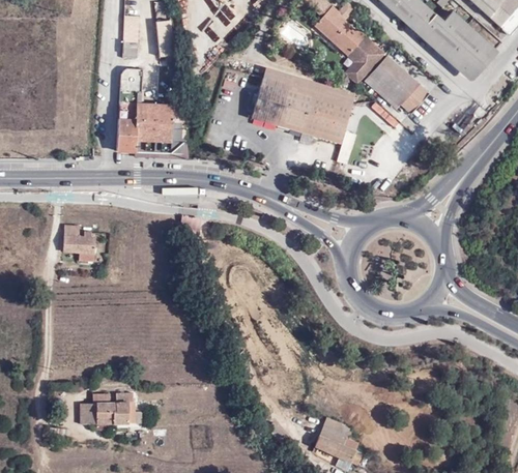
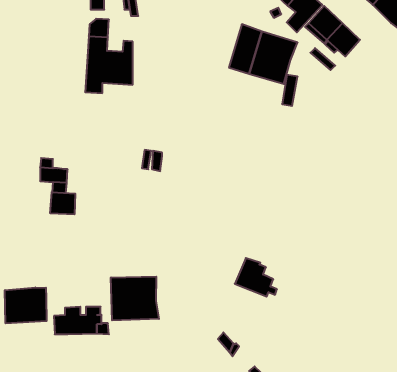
building: [252,67,292,123] -> none
building: none -> [50,192,75,214]
building: none -> [111,277,159,320]
building: none -> [5,287,47,323]
building: [314,416,362,460] -> [235,258,277,297]

